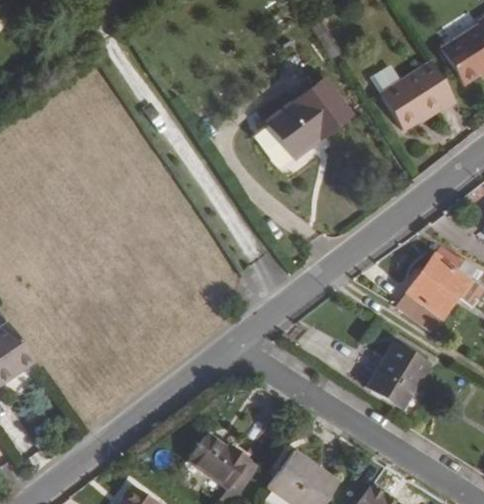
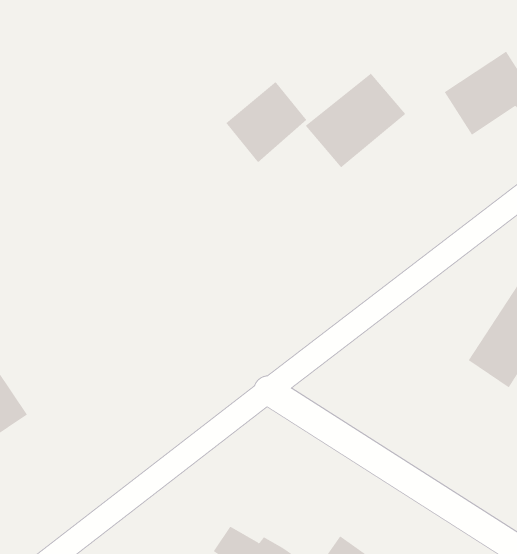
building: none -> [226,81,307,163]
building: [369,348,428,410] -> none

